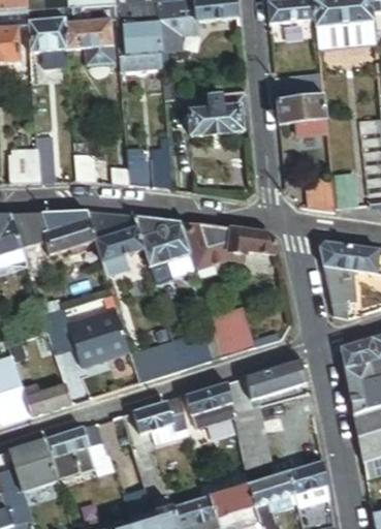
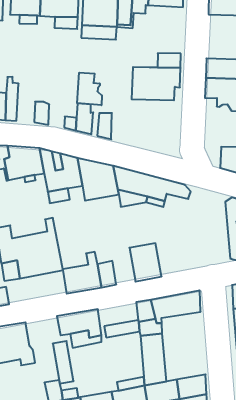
building: none -> [77,73,102,105]
building: [185,382,231,416] -> none

